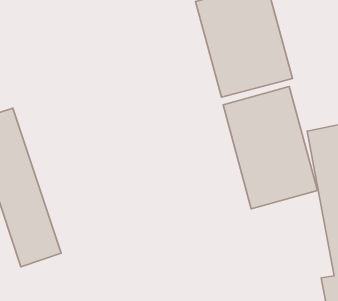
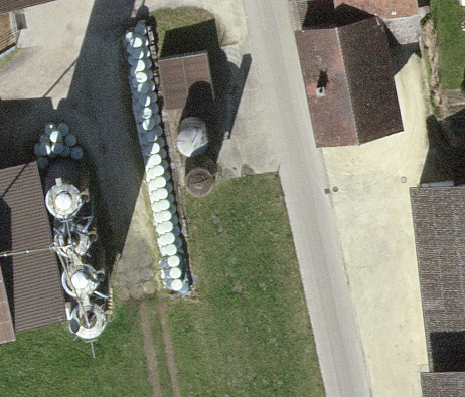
building: none -> [159,58,224,125]
building: [223,86,317,209] -> none

